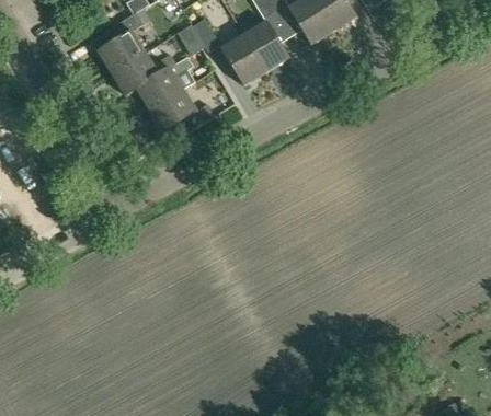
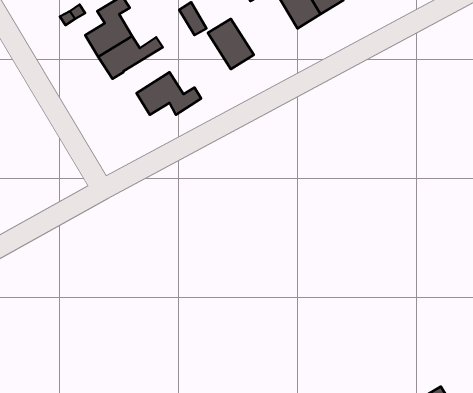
building: [243,20,289,70] -> none
building: [136,56,194,108] -> none

